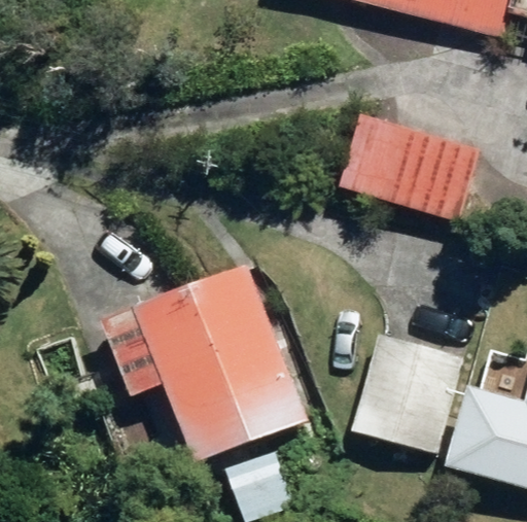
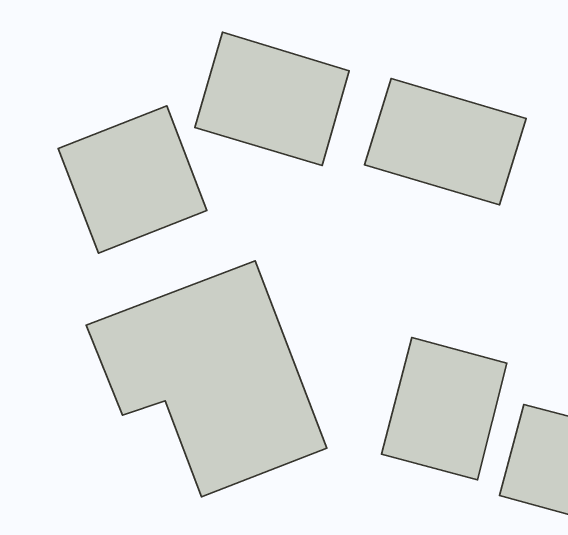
building: none -> [195,32,349,165]
building: none -> [58,106,207,253]

